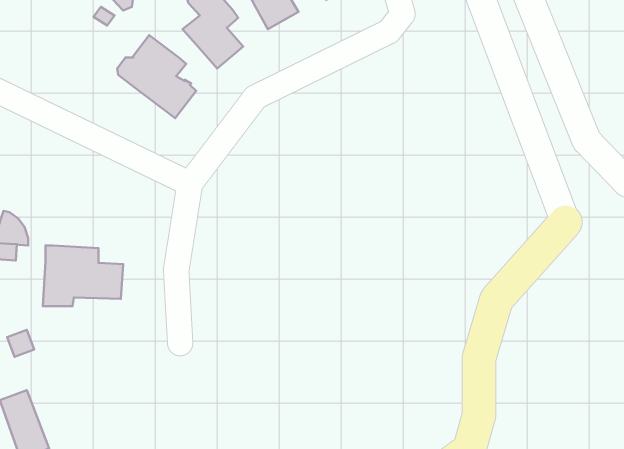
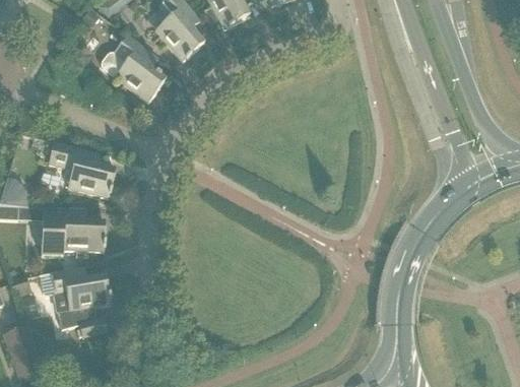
building: none -> [49,142,116,198]
building: none -> [40,268,111,329]

